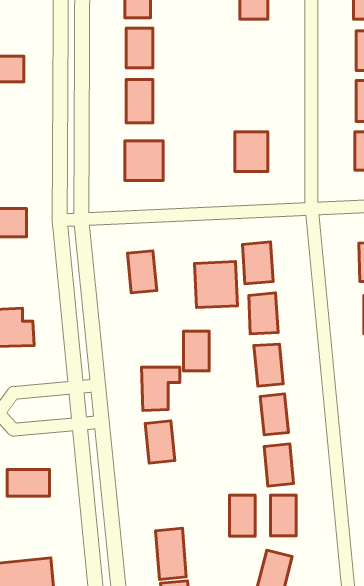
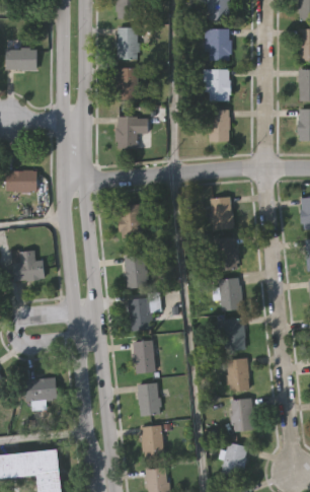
building: none -> [203,28,229,61]
building: none -> [203,69,229,100]
building: [195,262,237,308] -> none
building: [183,331,209,371] -> [126,256,146,287]
building: [229,495,255,536] -> [138,382,158,415]

